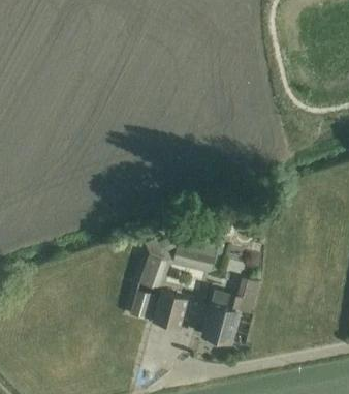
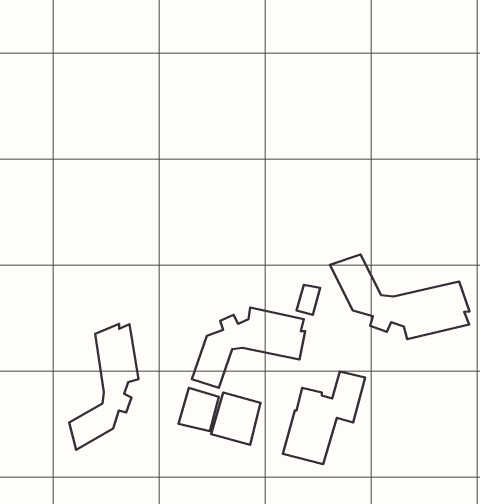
building: none -> [330,254,470,339]
building: none -> [69,324,138,450]

